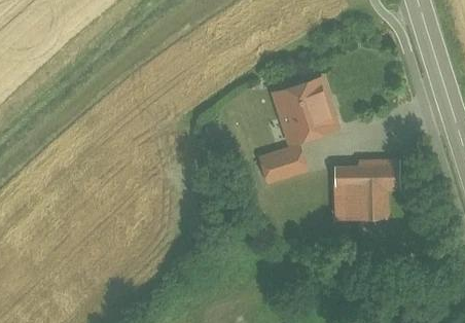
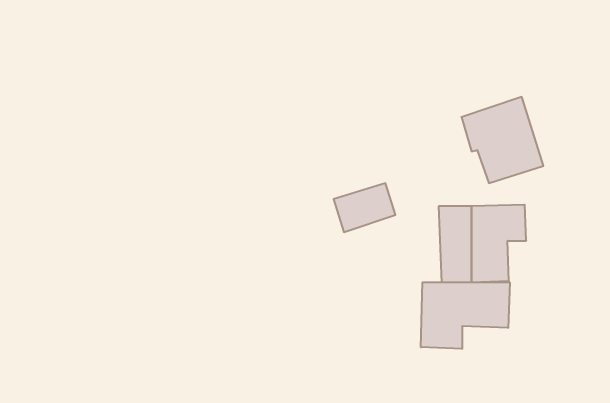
building: [275,80,333,142] -> [461,97,543,183]
building: none -> [421,282,510,349]

